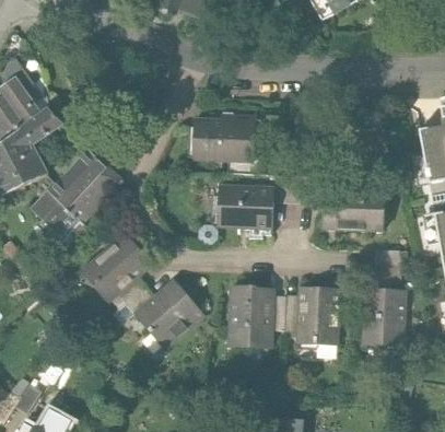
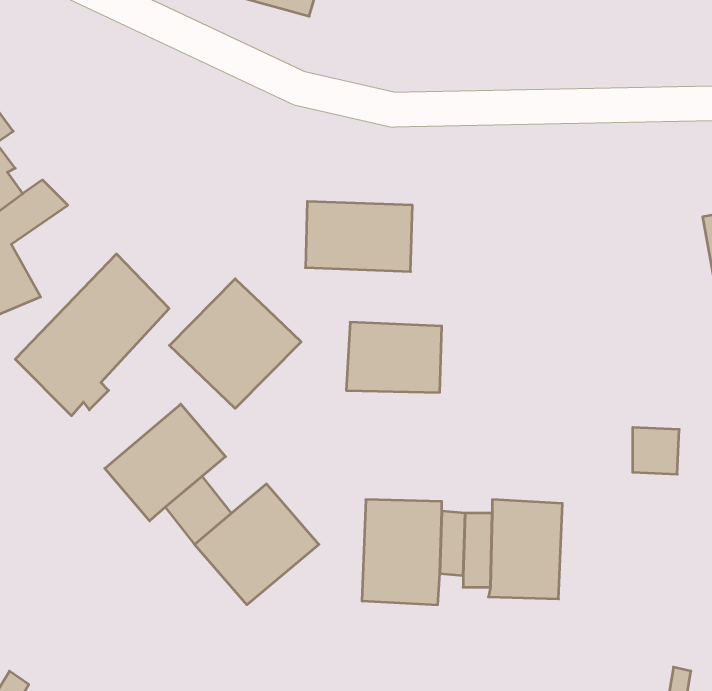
building: none -> [169,279,301,408]
building: [321,187,383,229] -> none
building: [363,288,407,340] -> none

